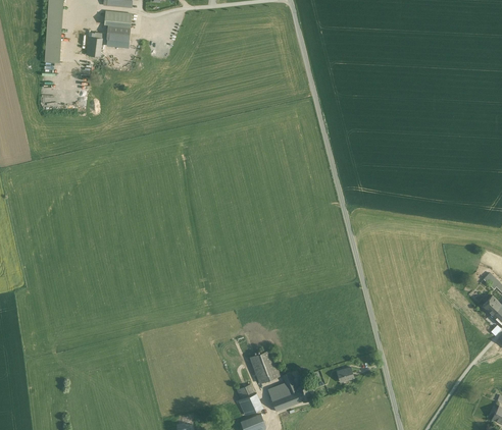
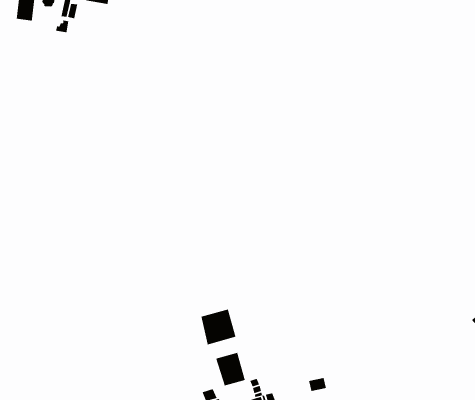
building: none -> [200,308,236,346]

